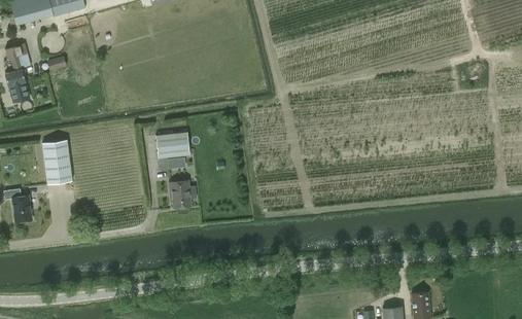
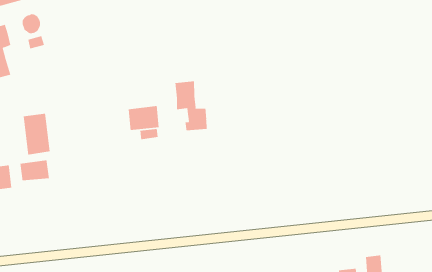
building: none -> [175,80,207,131]
building: [168,180,196,208] -> none
building: none -> [20,160,49,181]

